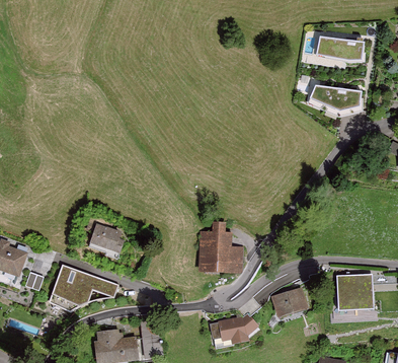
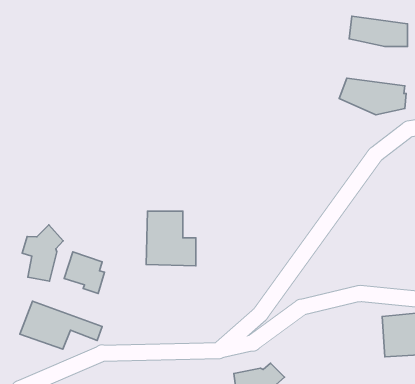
building: none -> [22,225,63,281]
building: [200,226,239,270] -> [146,211,196,266]
building: [274,287,308,315] -> none

